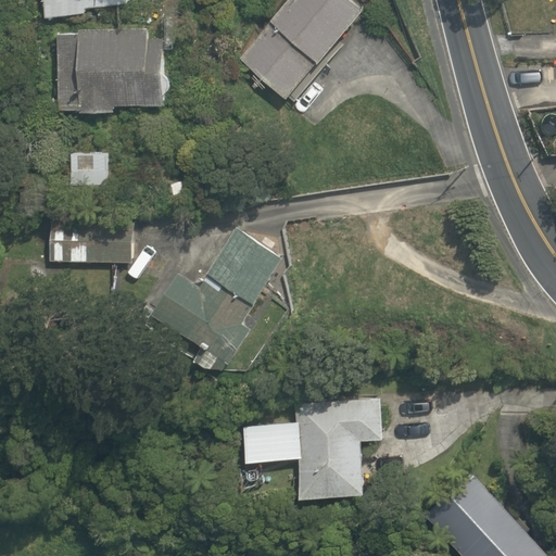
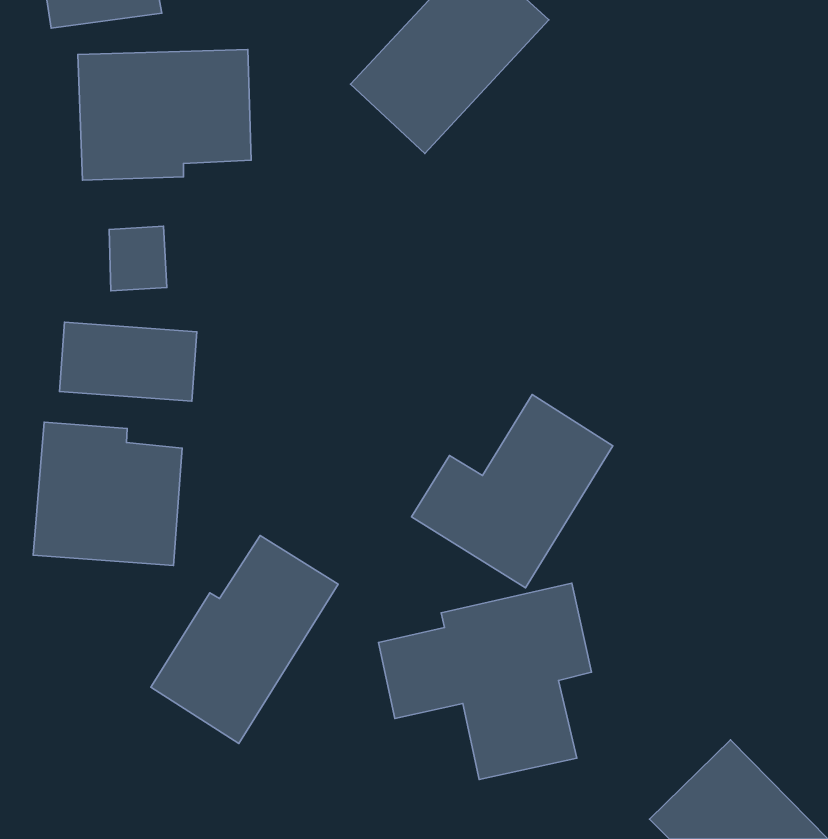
building: [157,228,290,355] -> [411,395,613,588]
building: none -> [33,422,182,566]
building: none -> [151,535,338,744]

